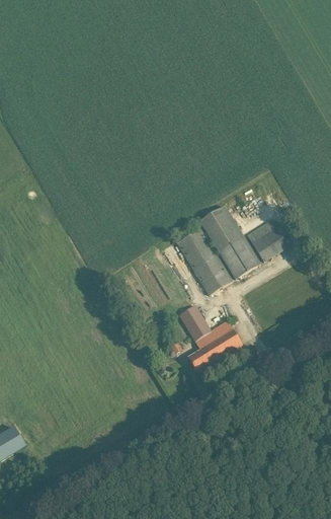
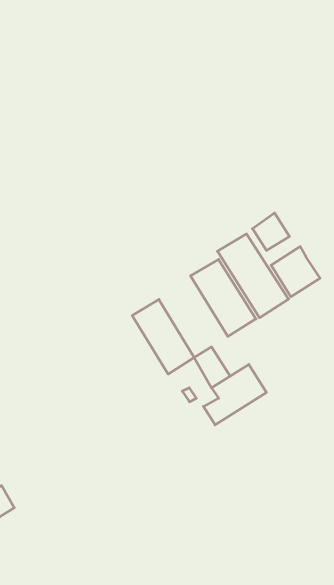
building: none -> [252,213,289,250]
building: none -> [132,299,194,374]

